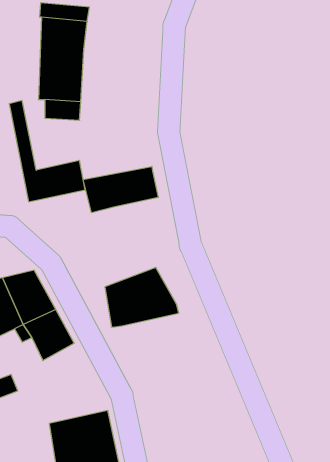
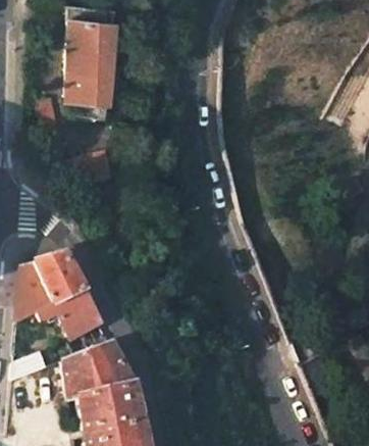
building: [83,166,158,213] -> none
building: [105,267,179,327] -> [67,345,137,401]

